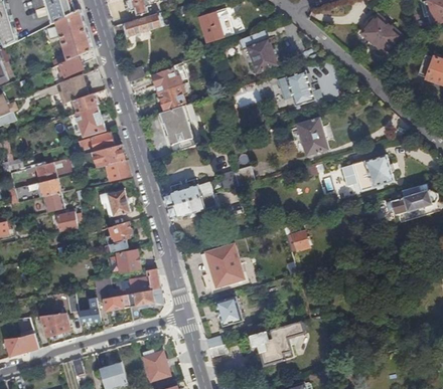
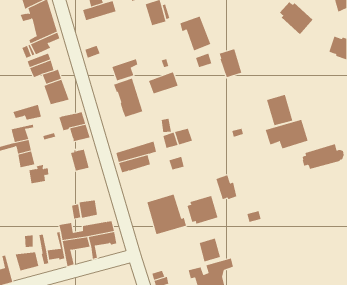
building: [150,65,186,92] -> [148,71,178,94]
building: [295,118,327,156] -> [266,94,293,126]
building: [79,133,114,152] -> [13,104,42,120]
building: [110,222,133,252] -> none
building: none -> [187,195,218,224]
building: [214,297,241,326] -> [199,238,221,262]

